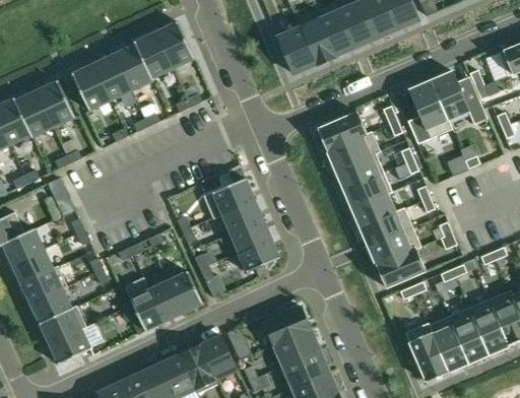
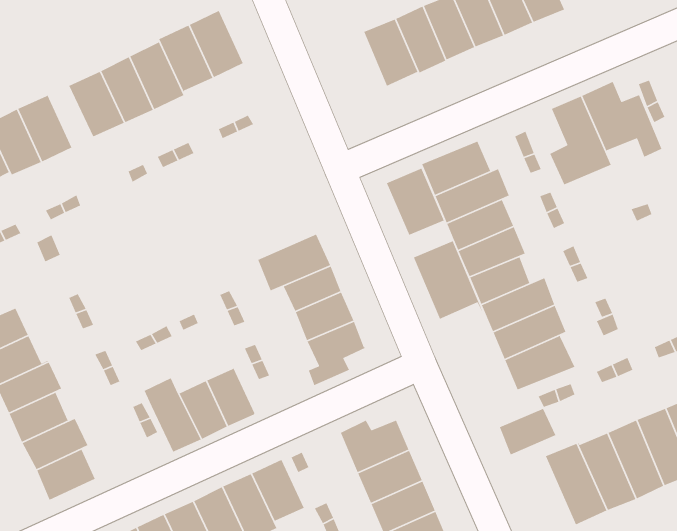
building: none -> [386,168,445,236]
building: none -> [413,240,483,320]
building: none -> [497,408,556,461]

